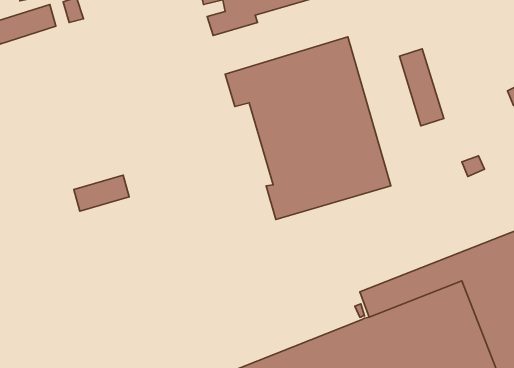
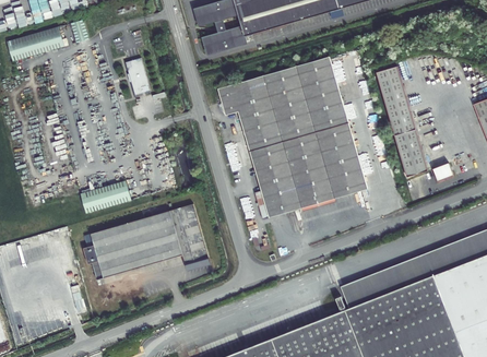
building: none -> [124,58,150,96]
building: none -> [395,129,429,177]
building: none -> [84,204,209,278]

